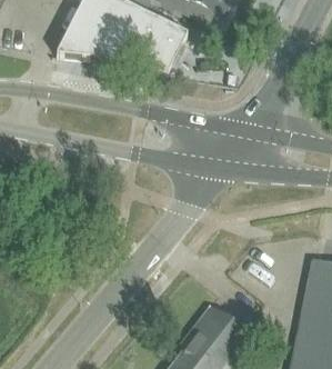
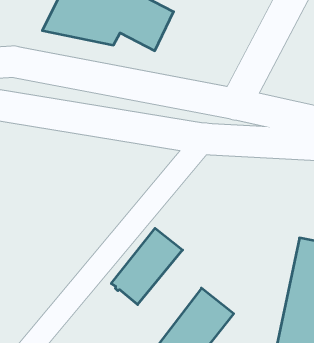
building: none -> [111,228,183,305]

